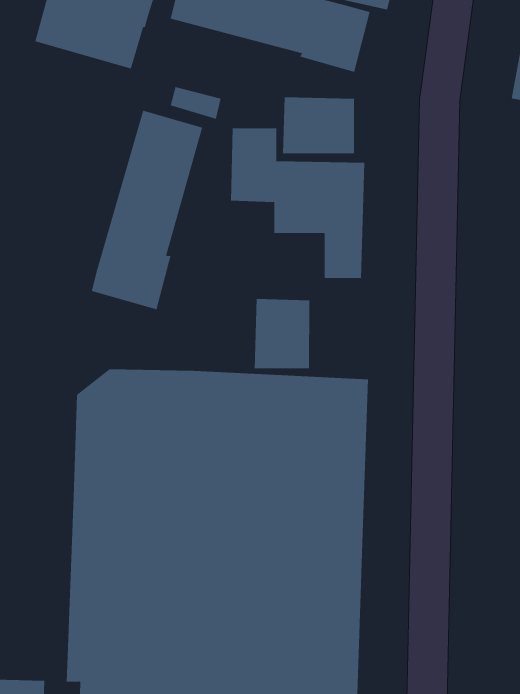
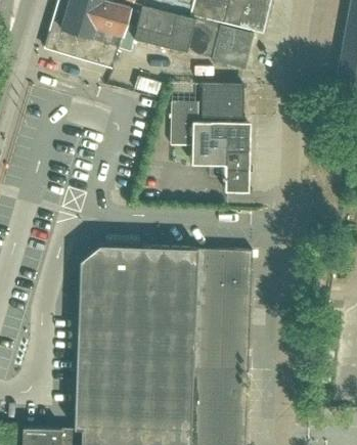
building: [91,110,203,310] -> none
building: [254,298,310,369] -> none

